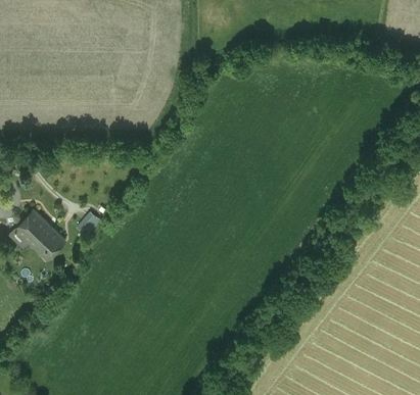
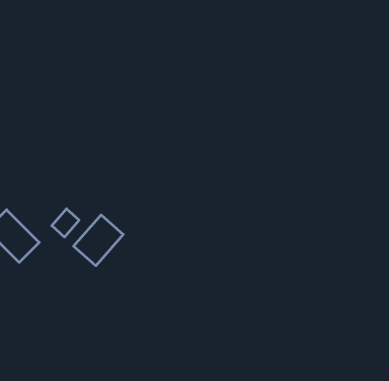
building: none -> [74,215,123,266]

